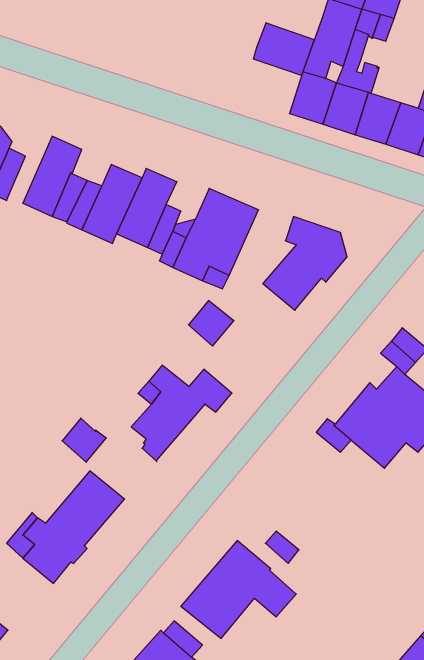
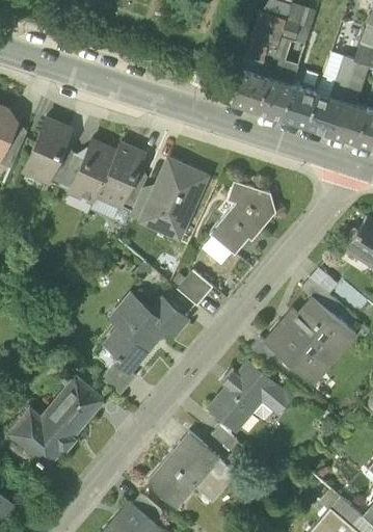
building: [253,23,314,76] -> none
building: [188,301,234,346] -> [177,270,212,305]
building: [62,418,106,462] -> [101,361,135,395]
building: none -> [209,362,290,429]

